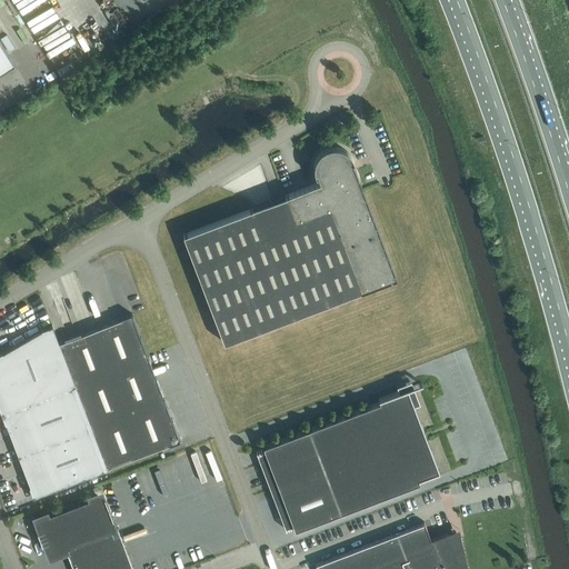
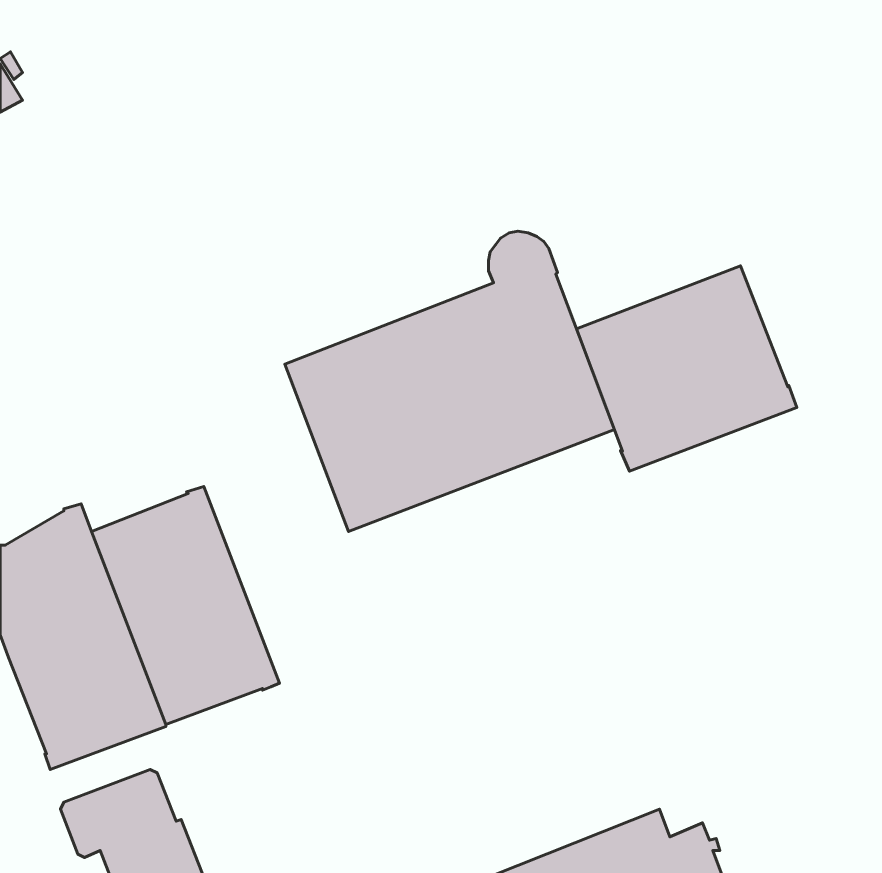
building: none -> [576,266,797,471]
building: [261,386,439,535] -> none

